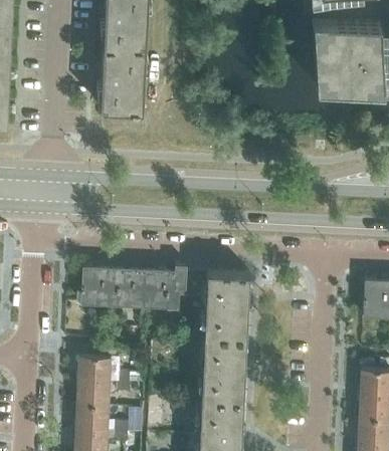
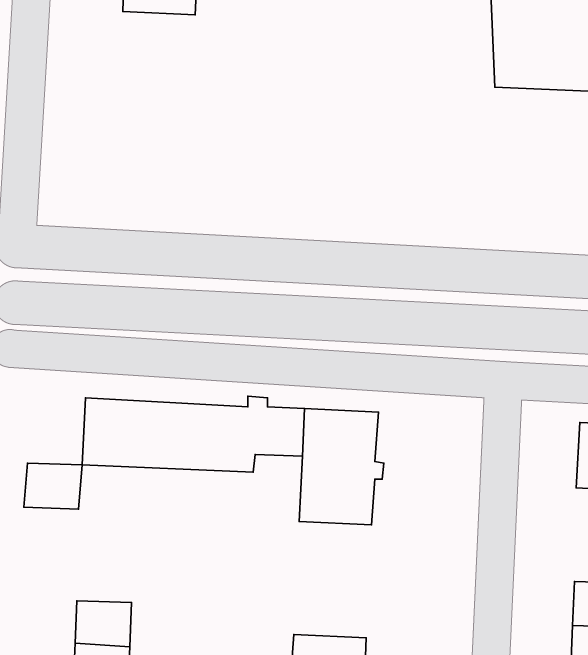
building: [101,46,145,111] -> none
building: [201,336,249,403] -> none
building: [77,357,111,383] -> [24,463,82,509]

